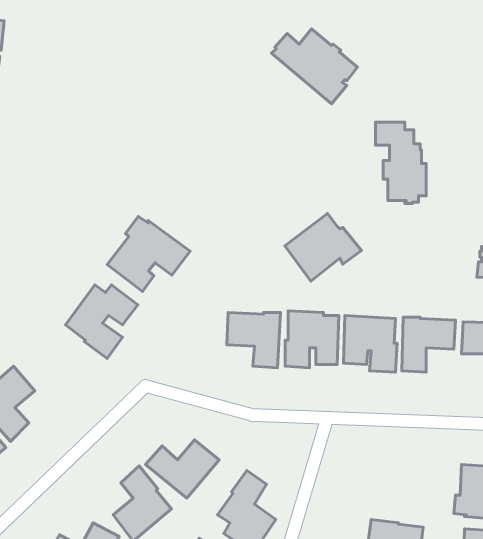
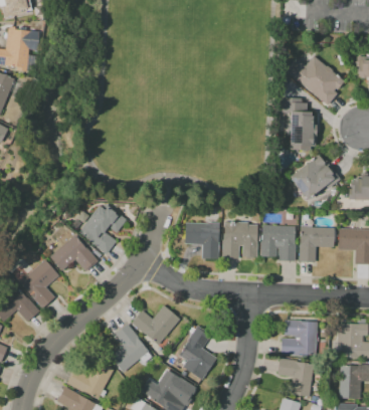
building: [272,29,358,104] -> [289,55,345,105]
building: [285,214,361,281] -> [291,156,341,200]
building: [107,216,190,292] -> none
building: none -> [50,236,99,271]
building: none -> [282,321,318,357]

